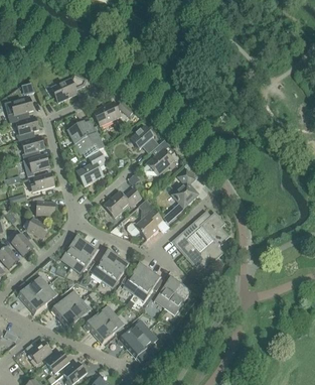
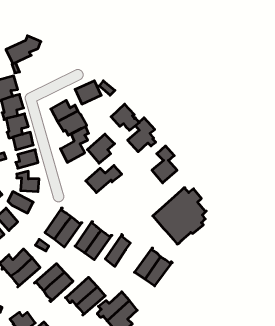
building: [50,73,87,102] -> [6,36,41,64]
building: [134,209,162,239] -> [87,134,115,163]
building: [133,269,162,300] -> none

